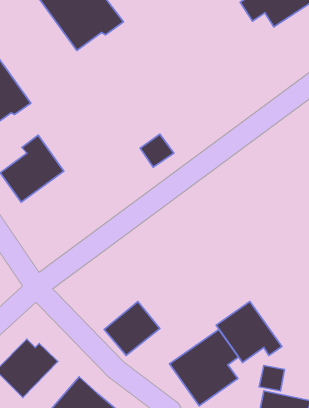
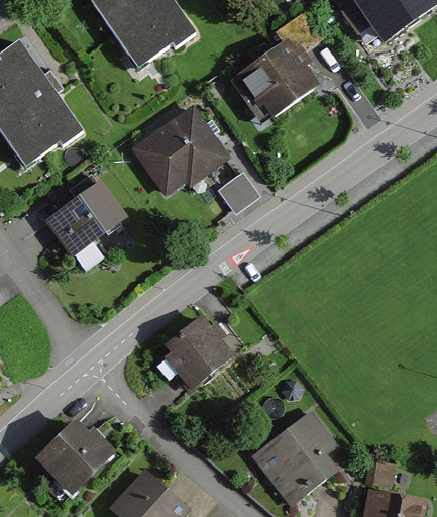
building: none -> [234,40,316,118]
building: none -> [131,106,226,196]
building: [104,301,160,356] -> [160,318,229,385]
building: [216,302,282,362] -> none

